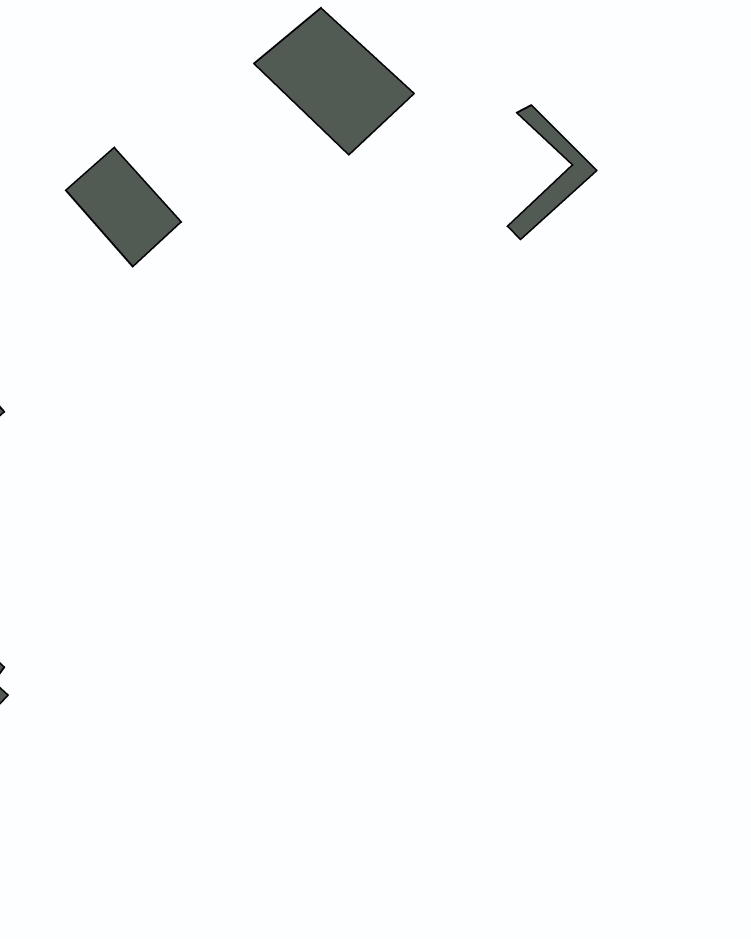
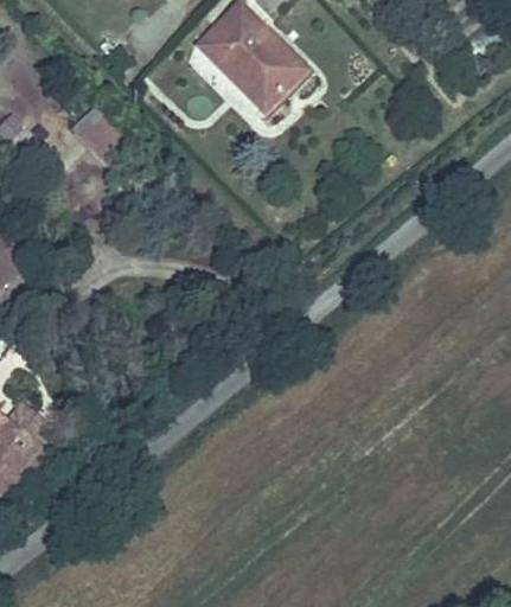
building: [507,105,597,239] -> [254,26,311,111]

